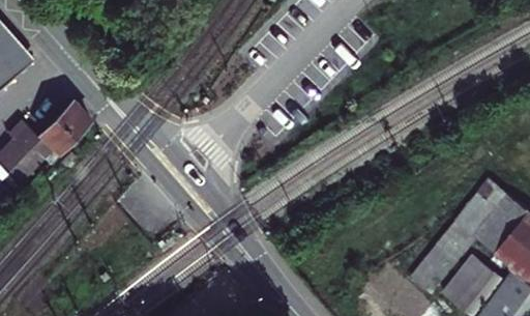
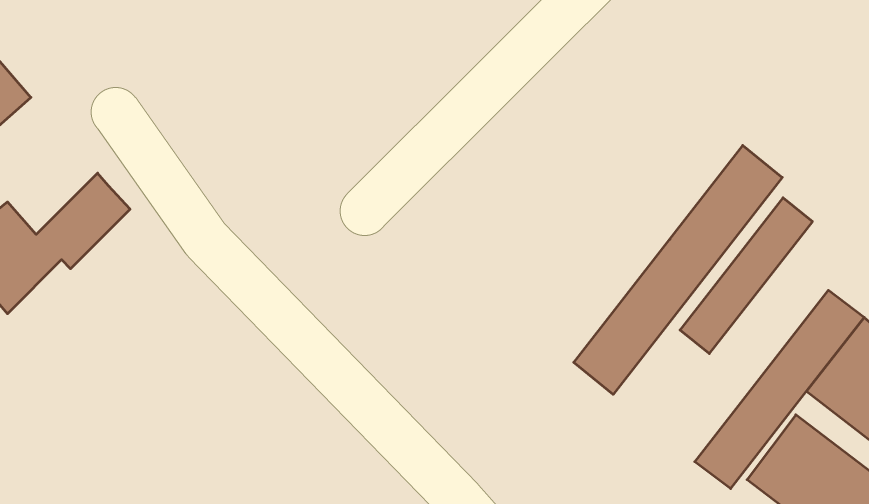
building: none -> [574,145,782,394]
building: none -> [680,198,812,354]

